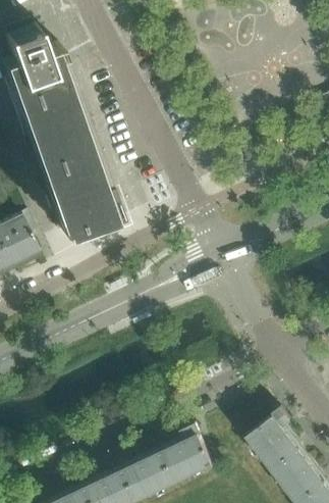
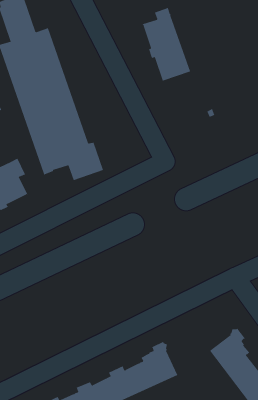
building: none -> [142,7,191,82]

